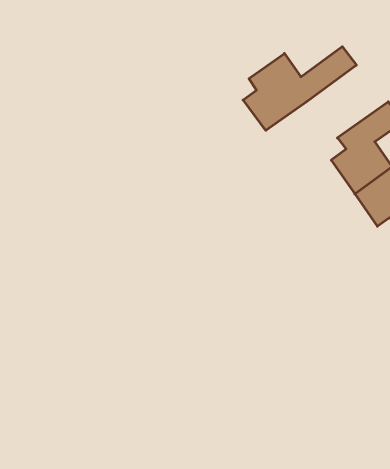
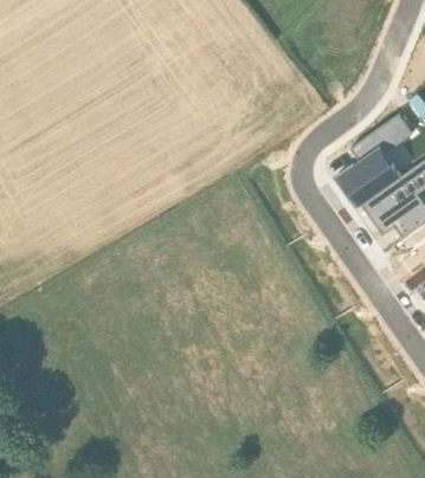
building: [243,47,356,130] -> none

